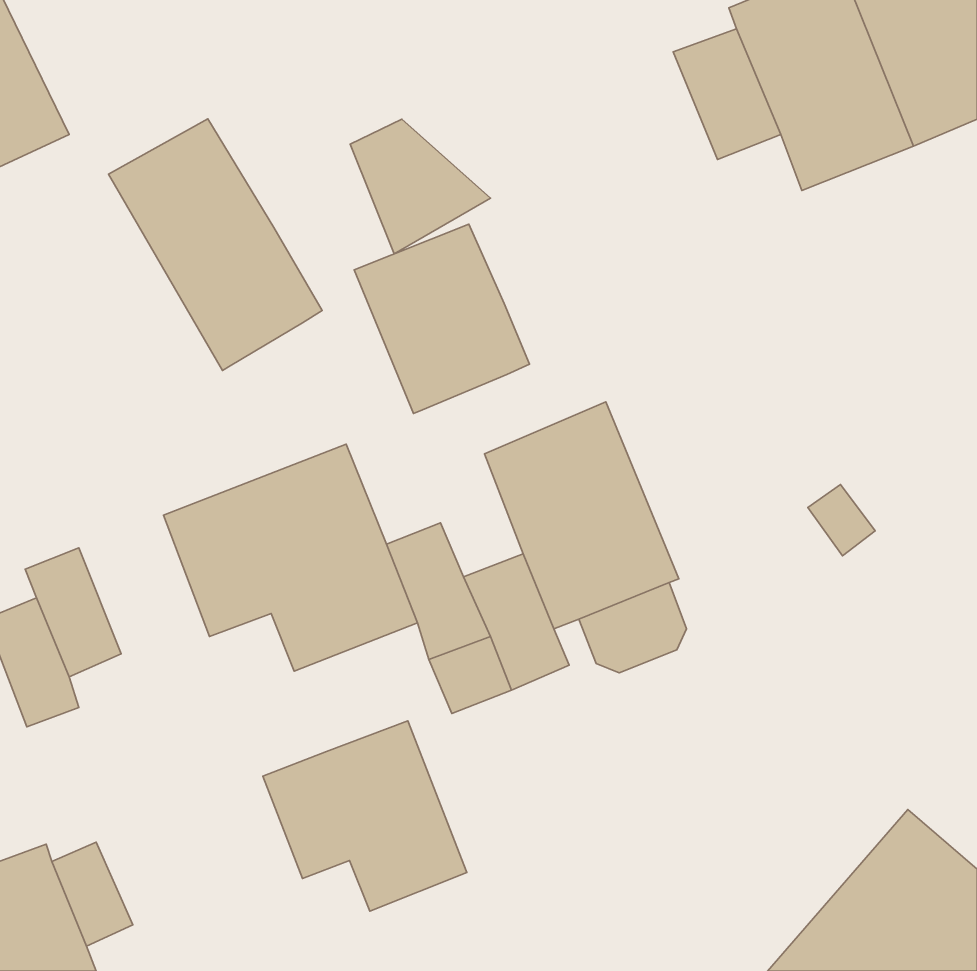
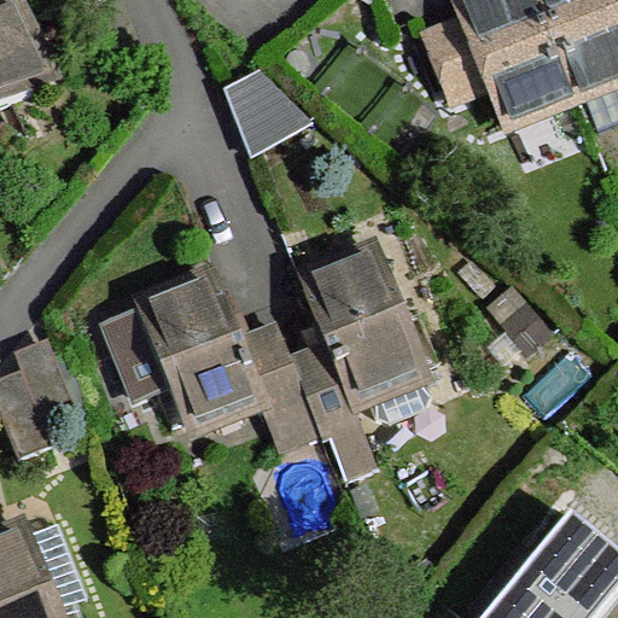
building: [108,119,322,371] -> none
building: [354,224,530,414] -> none
building: [263,721,467,911] -> none

